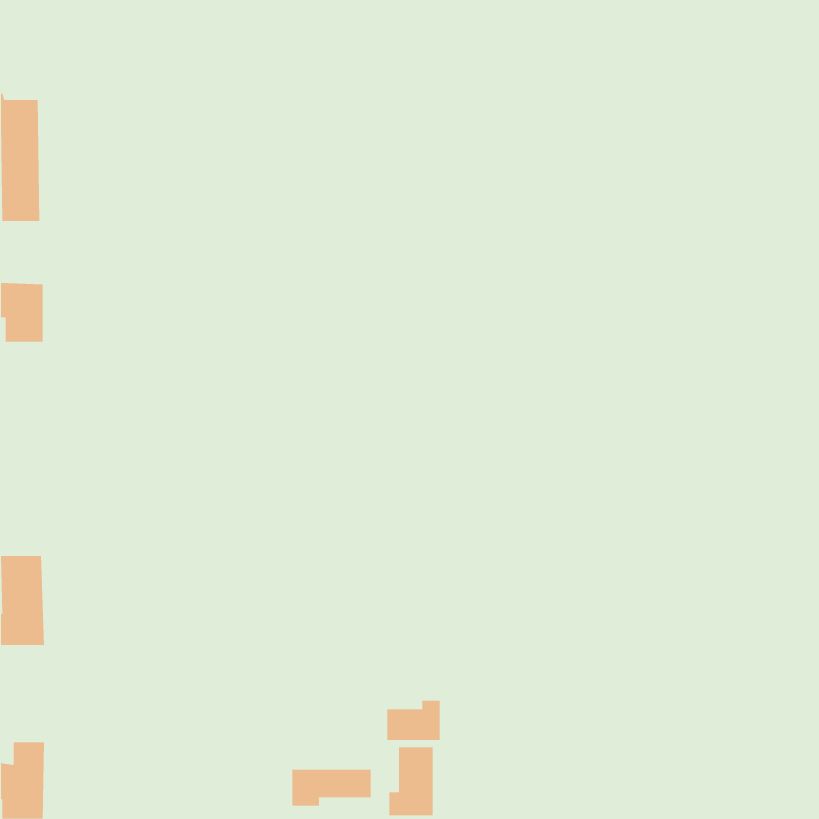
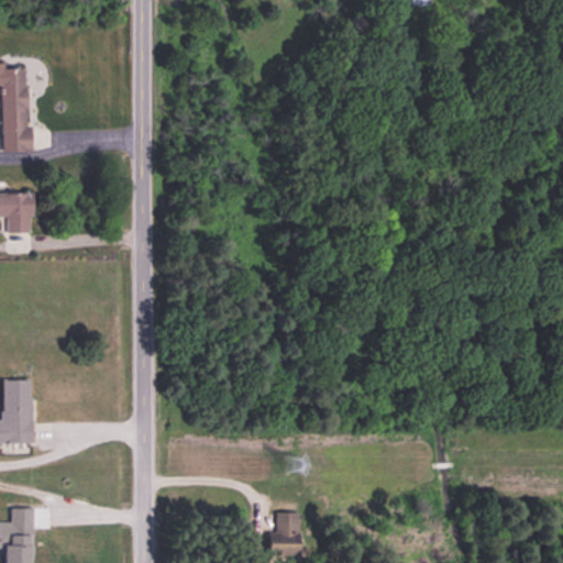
building: [387,700,440,741] -> none
building: [292,769,371,806] -> none

